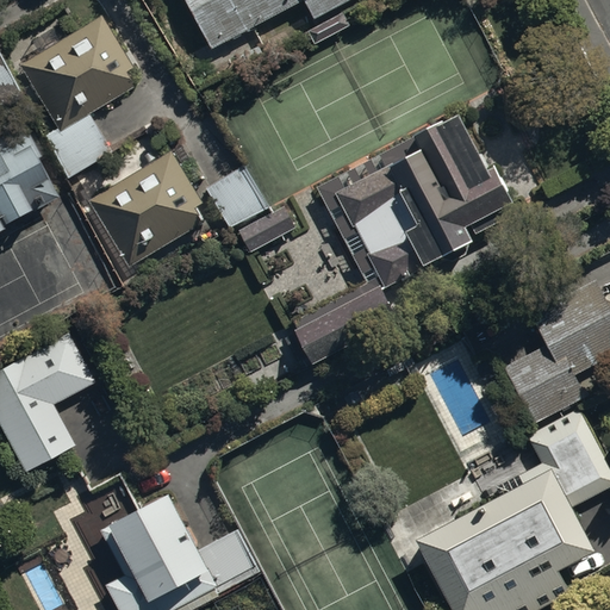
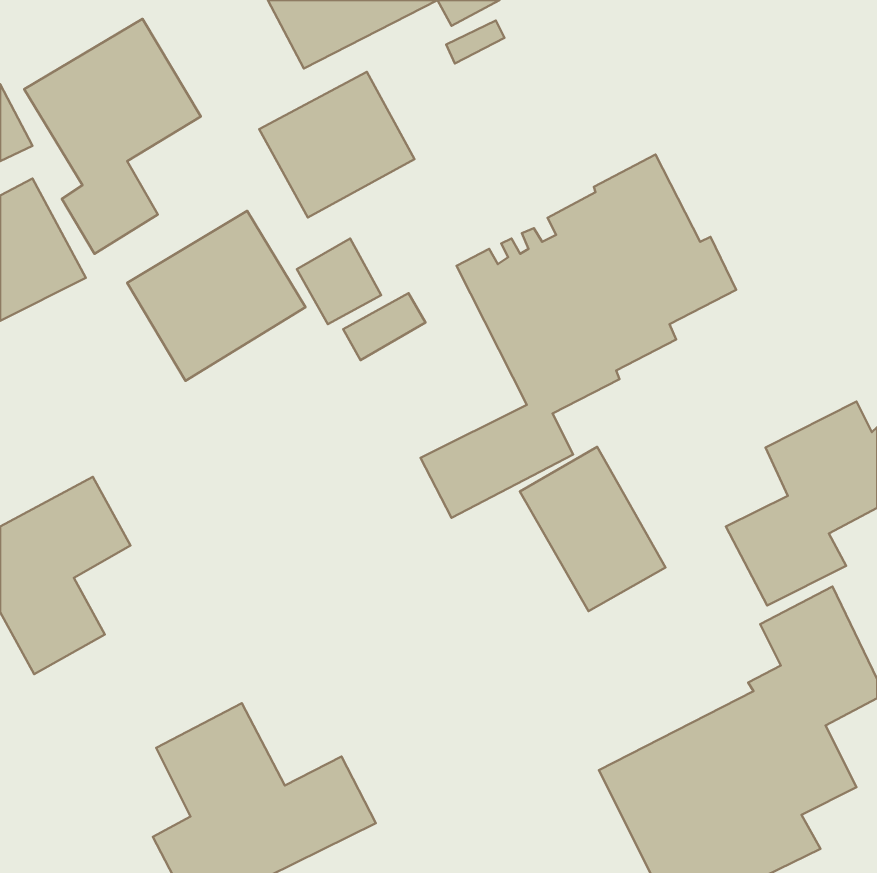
building: none -> [259,72,414,218]
building: none -> [520,447,665,611]

